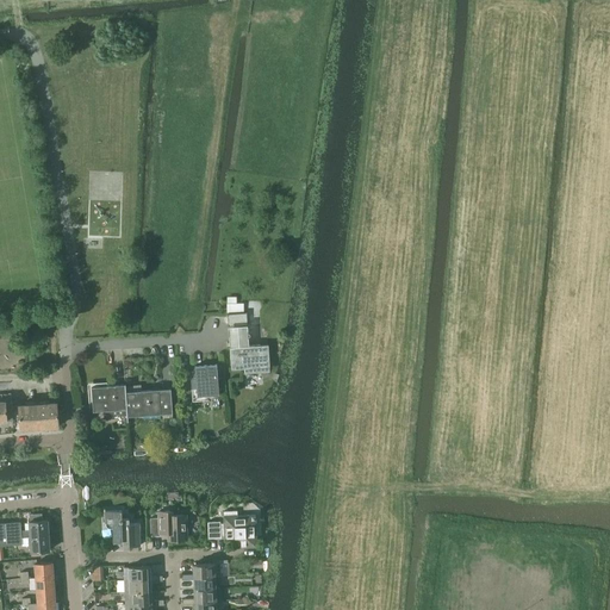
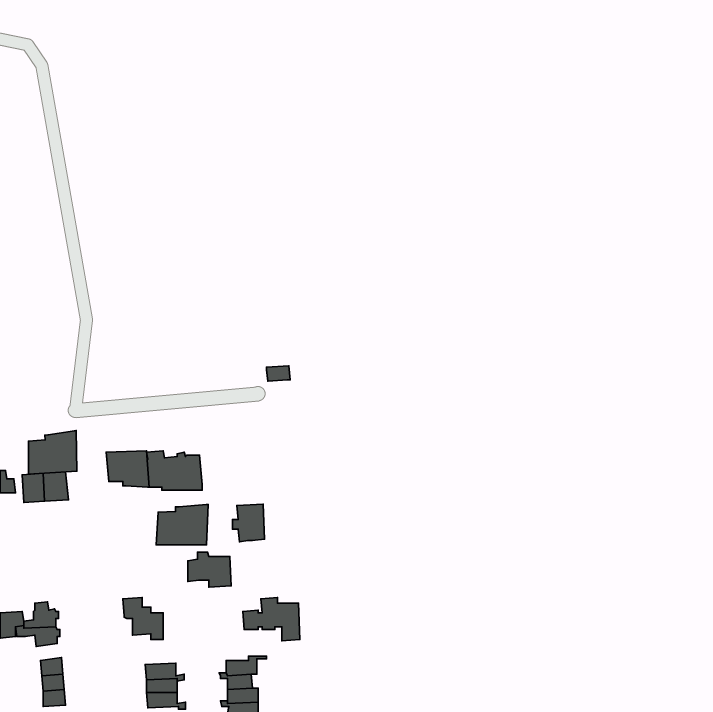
building: [230,346,269,371] -> none
building: [191,366,218,398] -> [233,504,265,542]
building: none -> [28,431,77,474]
building: none -> [156,504,208,545]
building: [150,512,187,542] -> [188,552,231,587]

